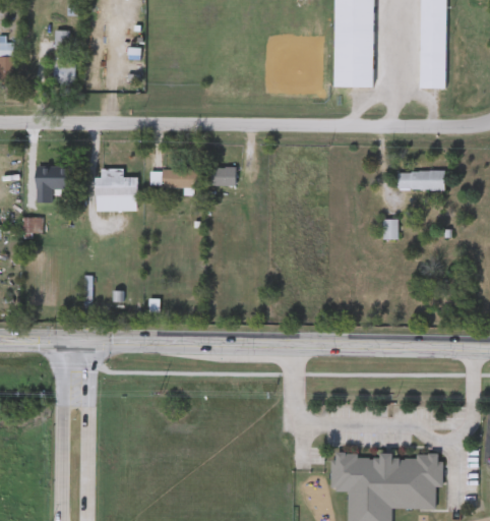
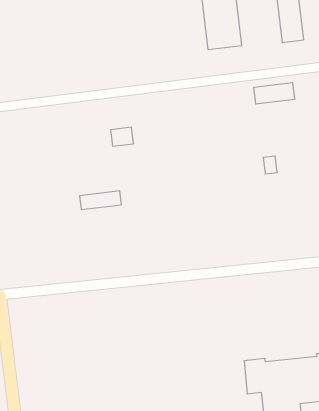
building: [95,169,137,211] -> none
building: [150,170,197,186] -> [80,191,121,210]
building: [399,171,444,190] -> [254,83,295,104]

